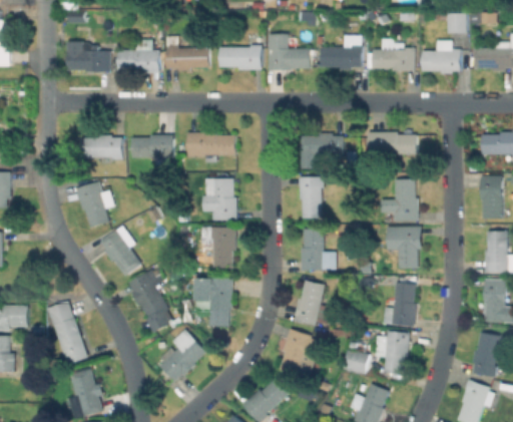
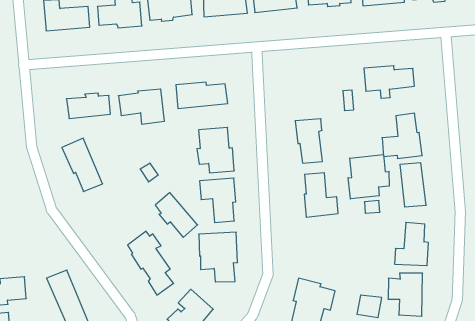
building: [302,132,343,167] -> none
building: none -> [348,155,389,199]
building: [101,231,140,275] -> [155,193,198,237]
building: [293,280,331,325] -> none

